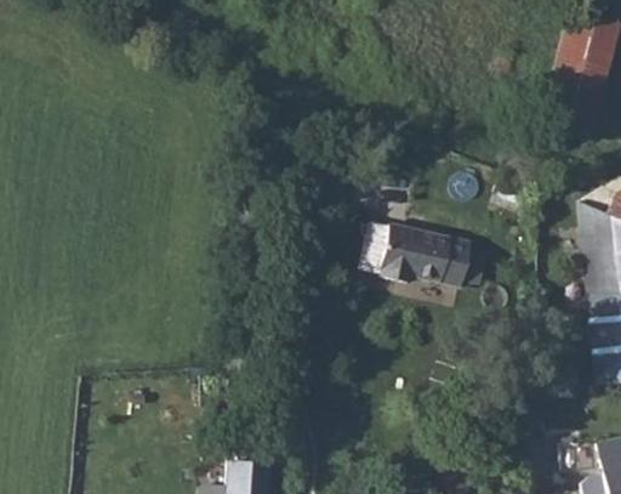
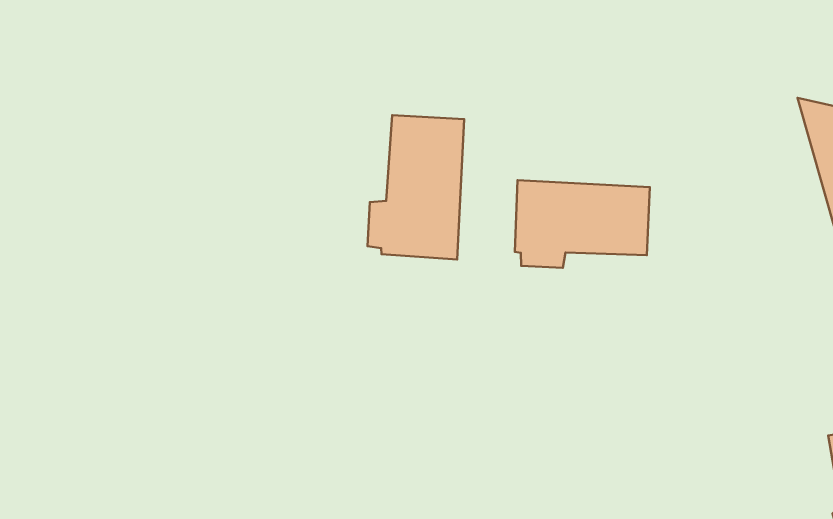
building: none -> [367,115,464,259]

